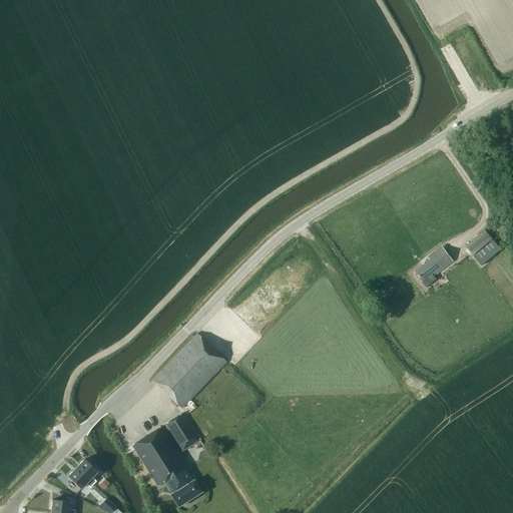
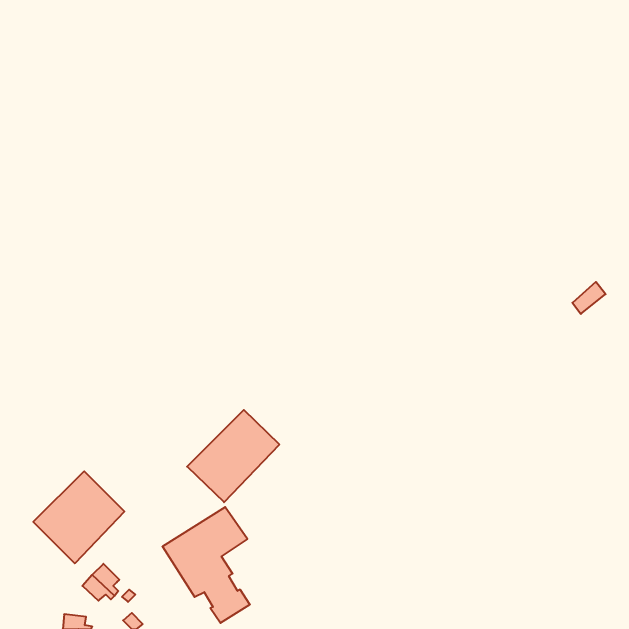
building: [415,246,454,288] -> none
building: none -> [33,471,124,563]

